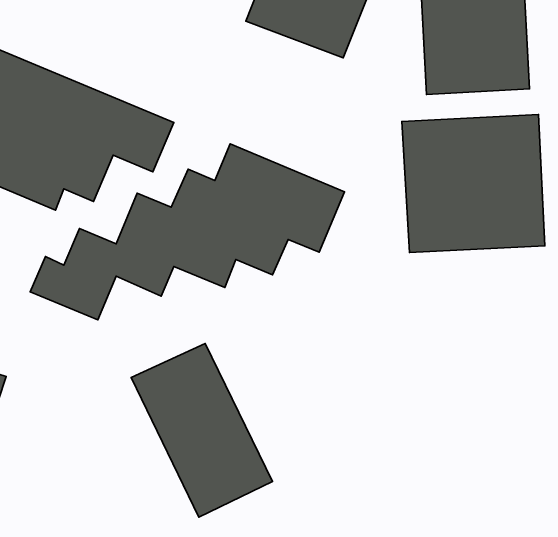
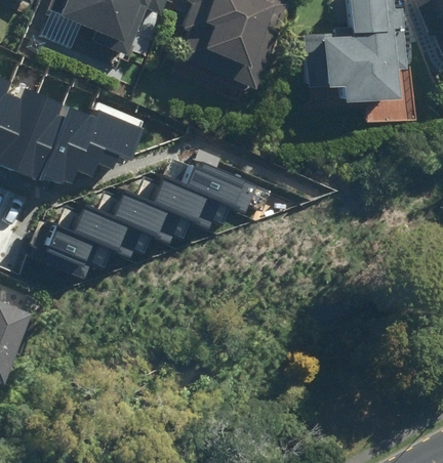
building: [402,115,545,253] -> none
building: [131,343,273,517] -> none

